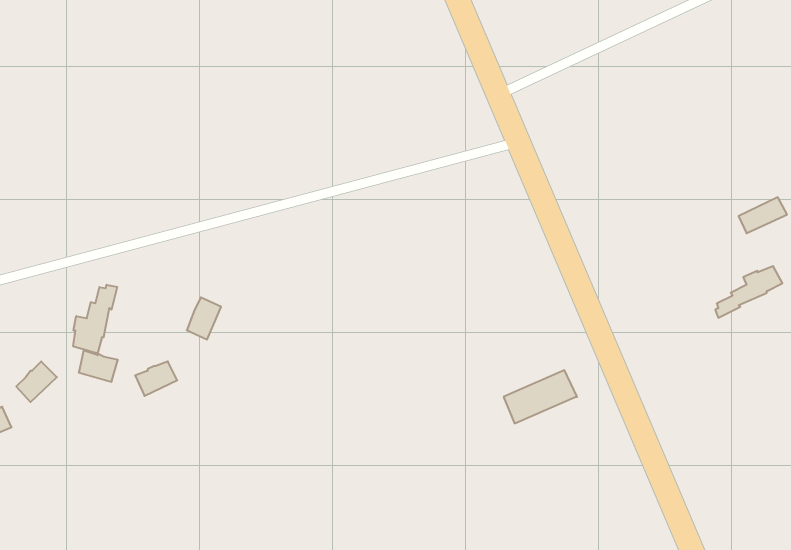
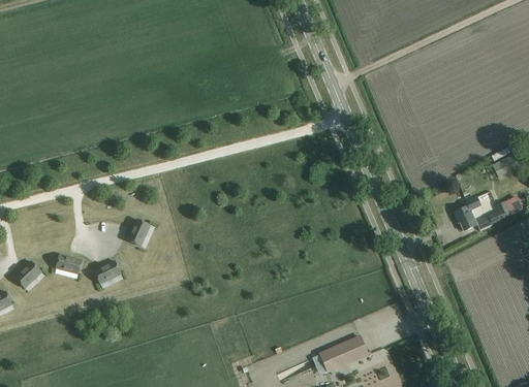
building: none -> [453,196,480,231]
building: [73,285,117,354] -> none
building: [504,370,577,423] -> [319,336,368,372]

